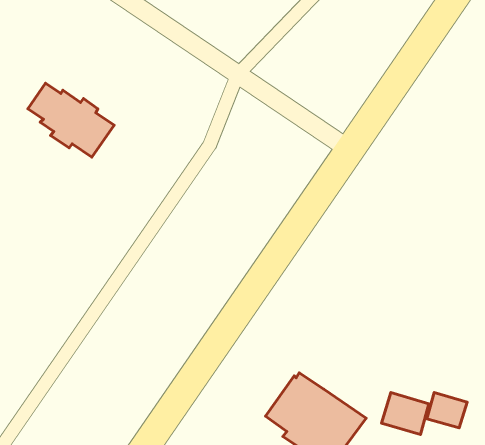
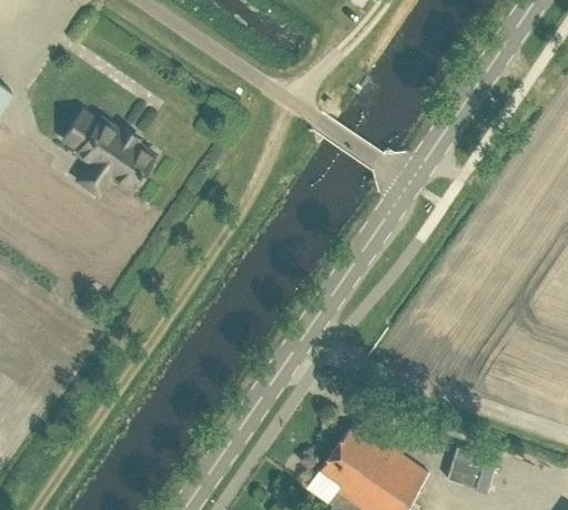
building: [427,393,467,428] -> none

